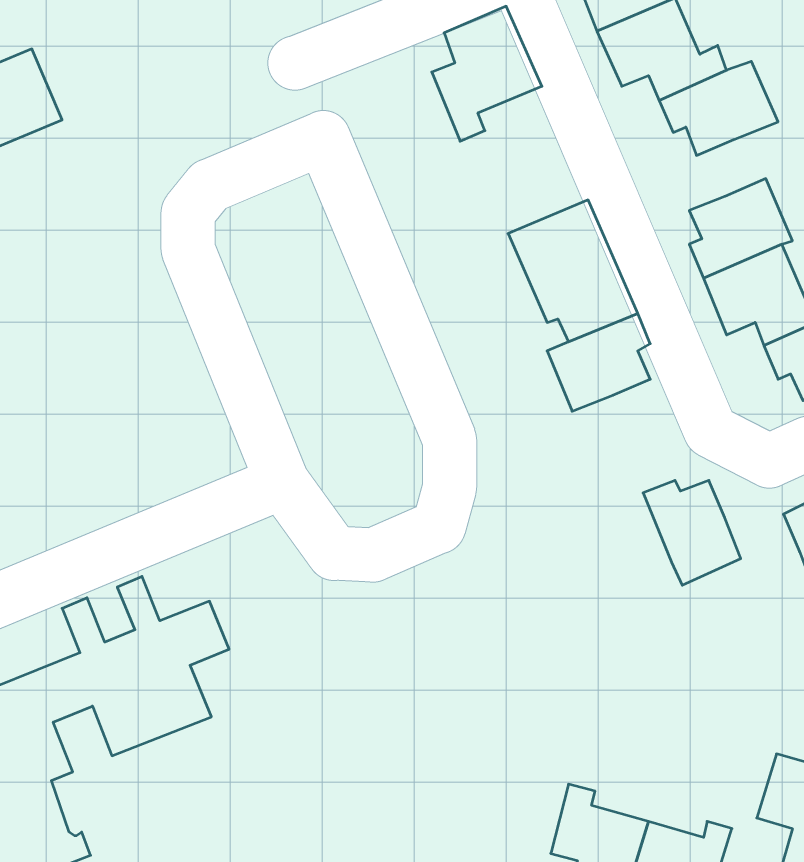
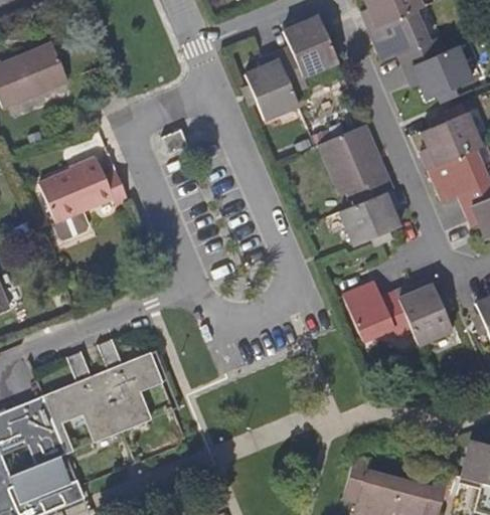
building: none -> [244,53,298,120]
building: none -> [40,162,130,241]
building: none -> [343,283,412,340]

